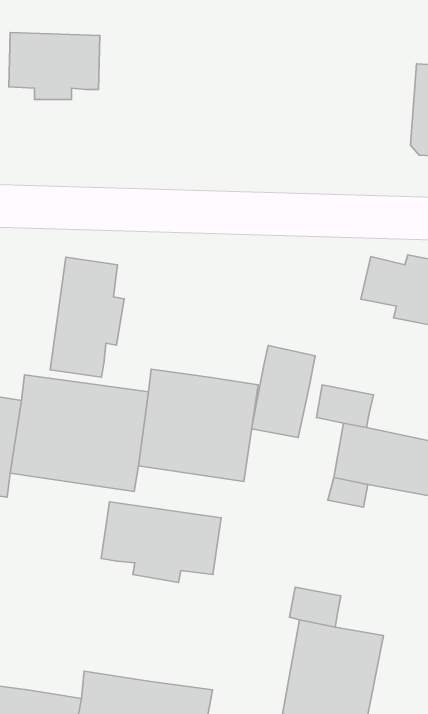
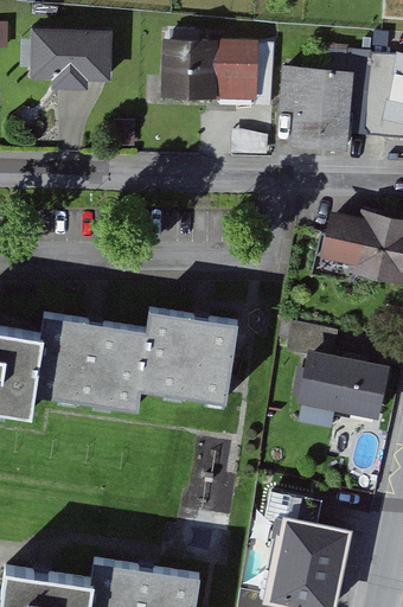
building: none -> [164,43,271,104]
building: none -> [282,68,351,146]
building: [50,257,124,377] -> none
building: [252,346,315,437] -> none
building: [101,502,221,582] -> none

